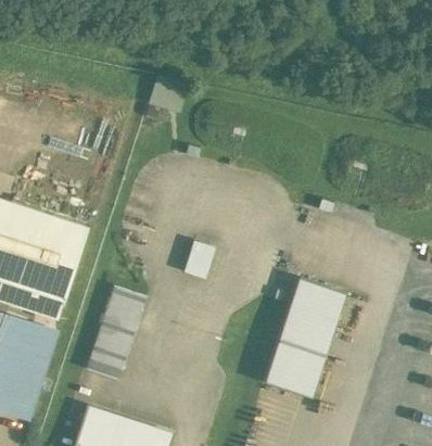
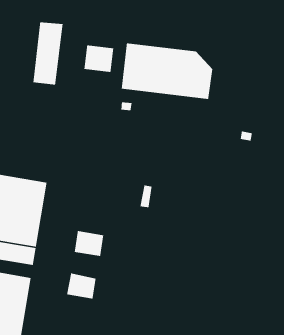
building: none -> [32,21,63,86]
building: none -> [121,43,213,100]
building: [266,279,342,397] -> none

